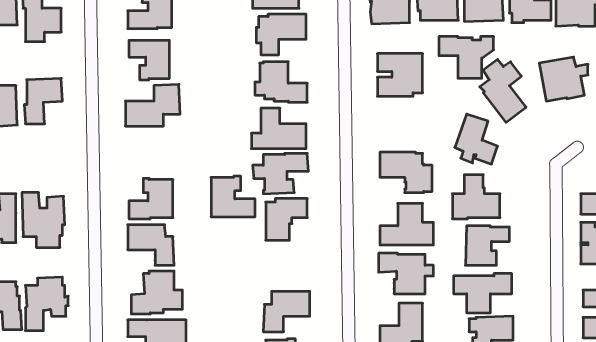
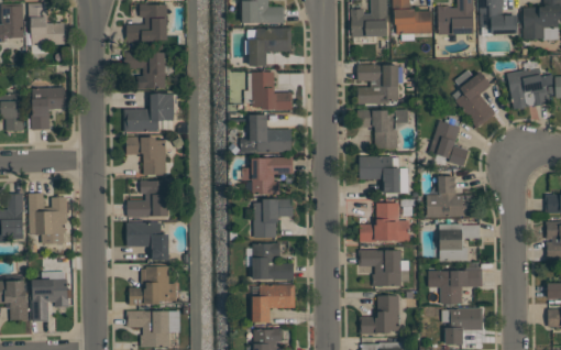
building: [439,37,494,78] -> [358,110,408,149]
building: none -> [127,136,166,175]
building: [211,176,255,217] -> [253,243,294,281]

